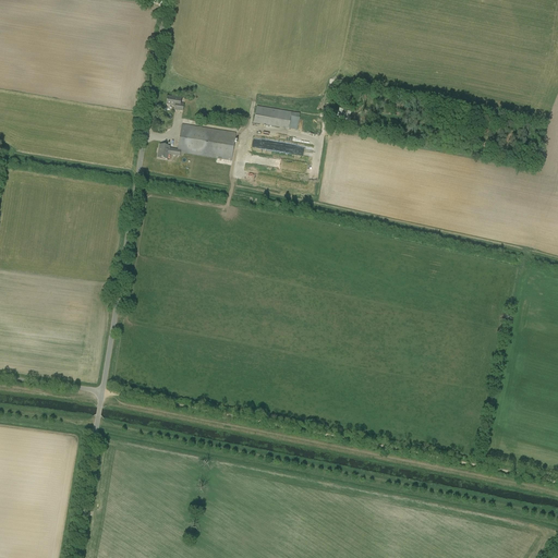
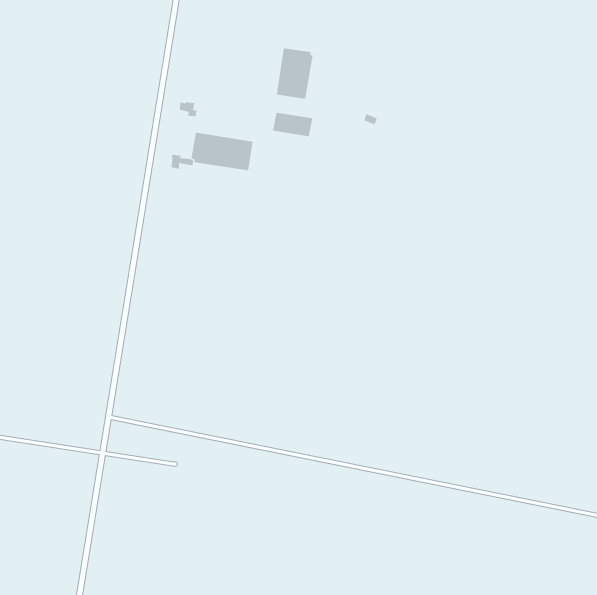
building: none -> [276,47,313,100]

